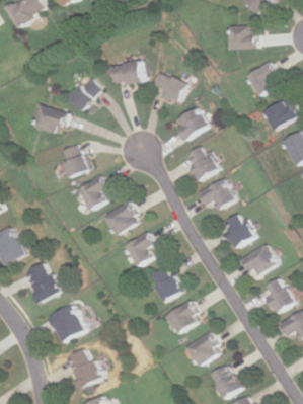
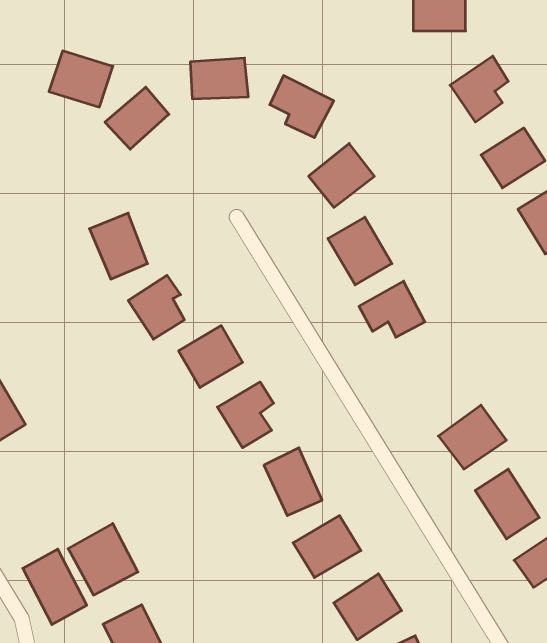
building: [32,104,66,134] -> [49,51,113,107]
building: [220,212,254,247] -> none
building: [24,261,58,301] -> [23,549,87,625]

